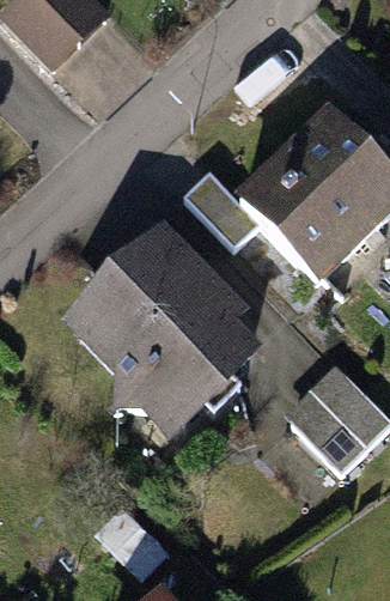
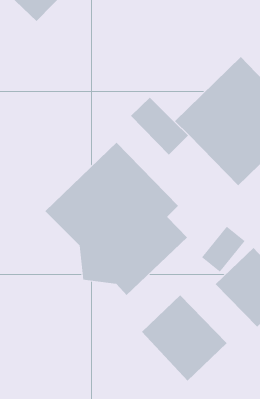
building: none -> [141,294,228,382]

